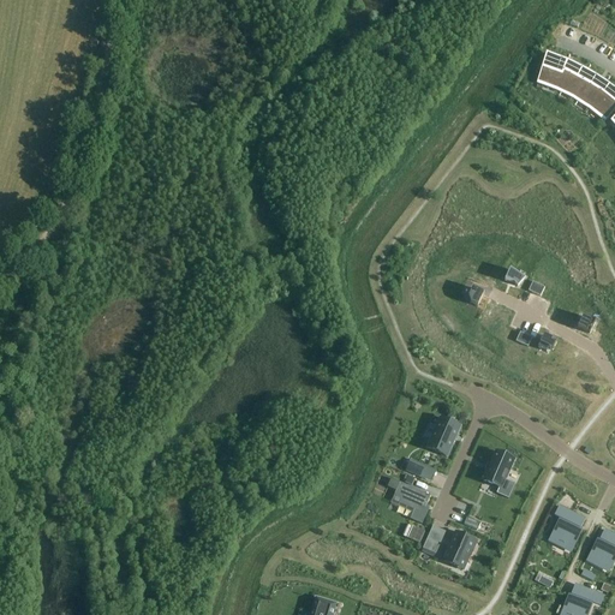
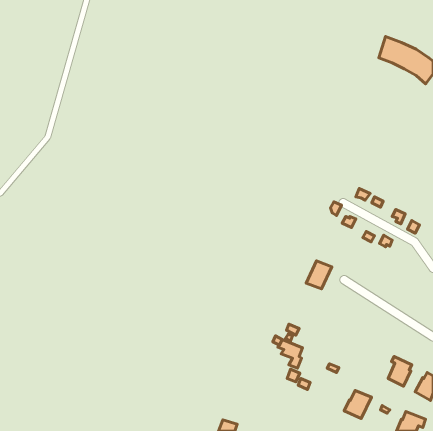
building: [425,414,461,454] -> [306,261,332,289]
building: [480,448,515,498] -> none
building: [440,529,478,568] -> [344,390,371,418]

